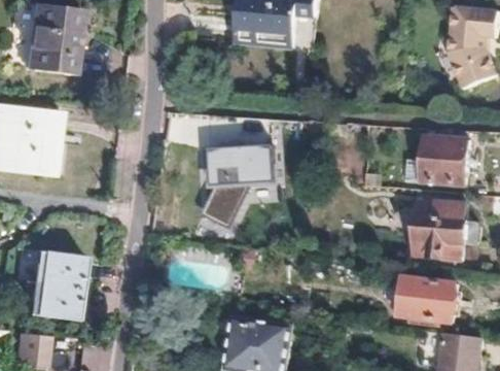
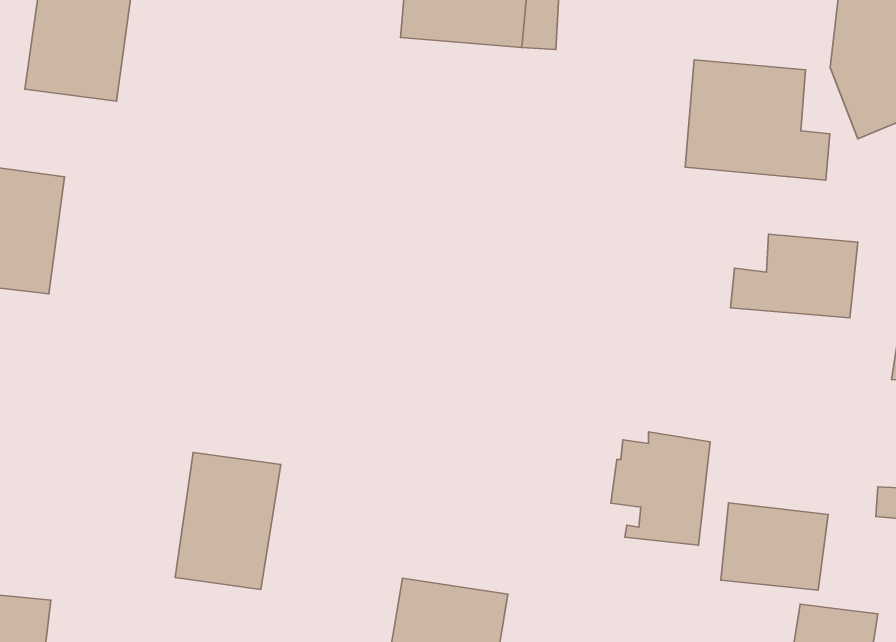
building: none -> [685,60,830,180]
building: [206,147,279,220] -> none
building: [412,201,463,260] -> [611,432,710,545]
building: [29,248,83,319] -> [175,452,281,590]

